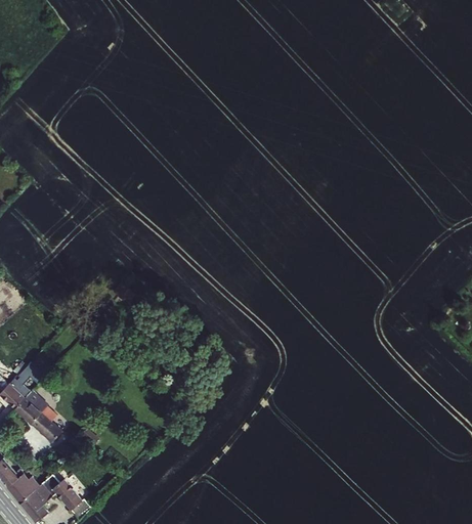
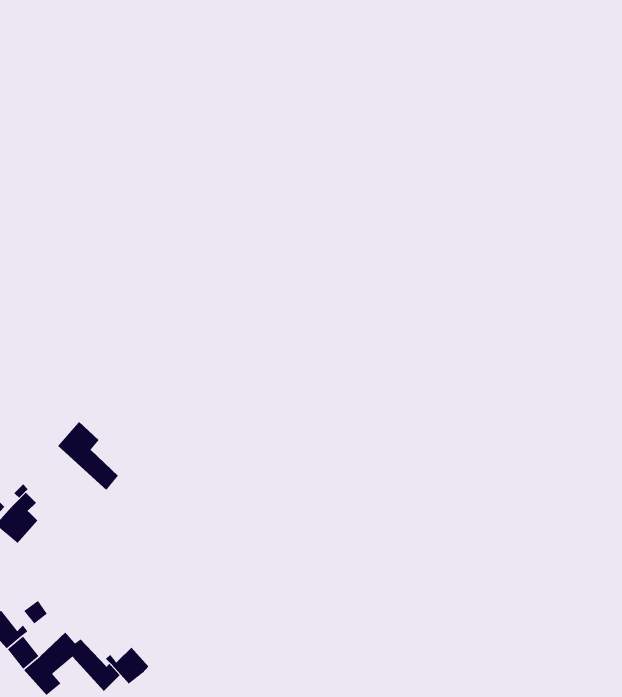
building: [14,390,60,442] -> [57,421,119,491]
building: none -> [105,647,149,684]

